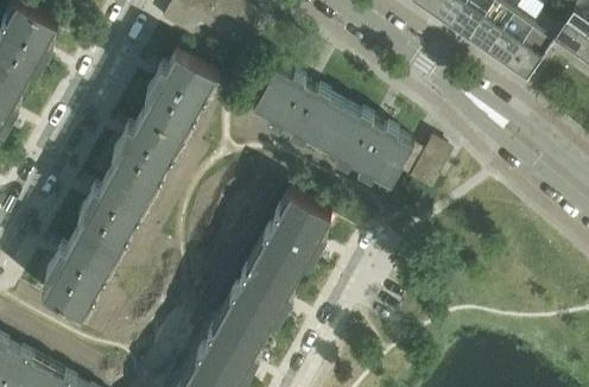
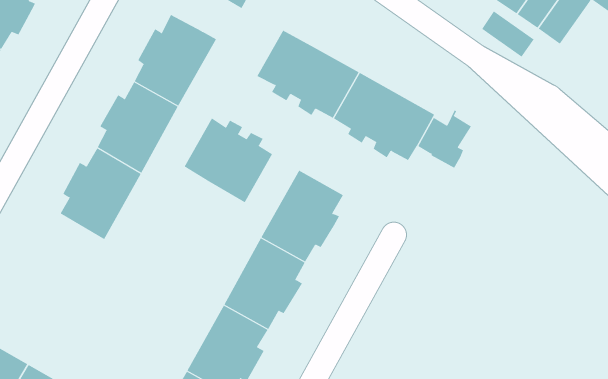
building: none -> [481,10,535,58]
building: none -> [184,118,273,203]
building: [42,229,116,313] -> none

